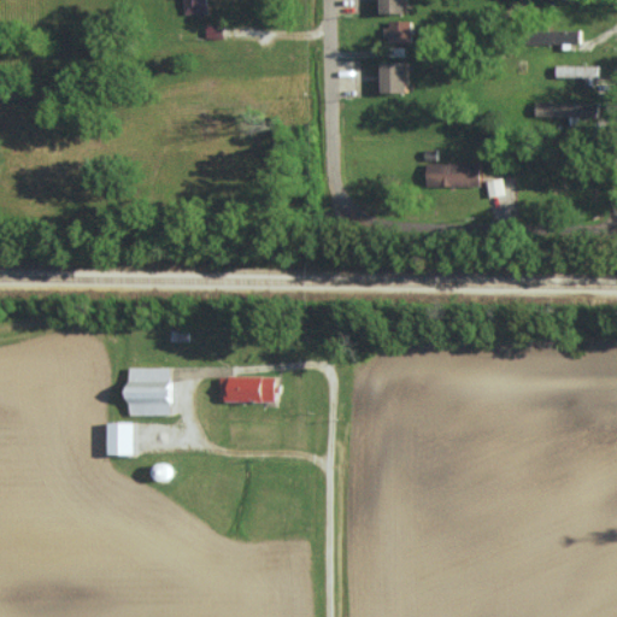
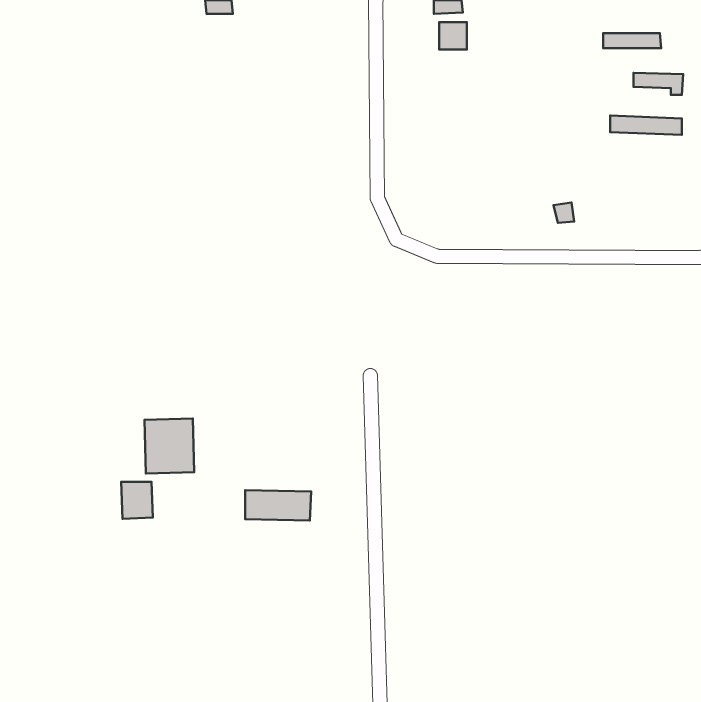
building: [380,61,405,93] -> none
building: [425,163,478,187] -> none
building: [218,376,276,402] -> [245,490,311,520]

